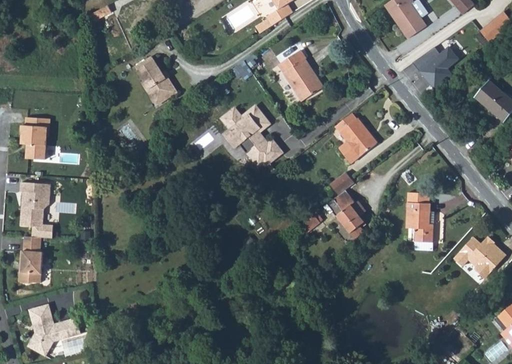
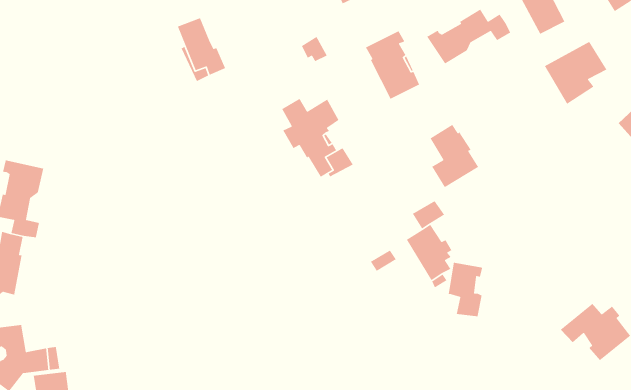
building: none -> [426,8,511,65]
building: [20,110,46,153] -> none
building: [406,202,432,241] -> [448,262,483,317]

